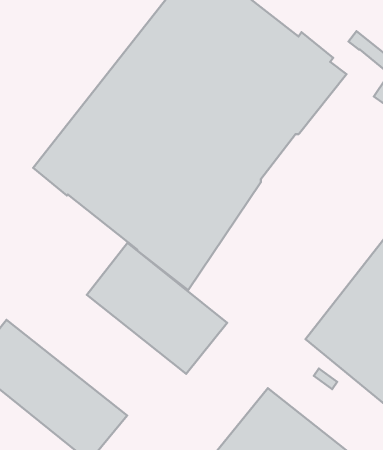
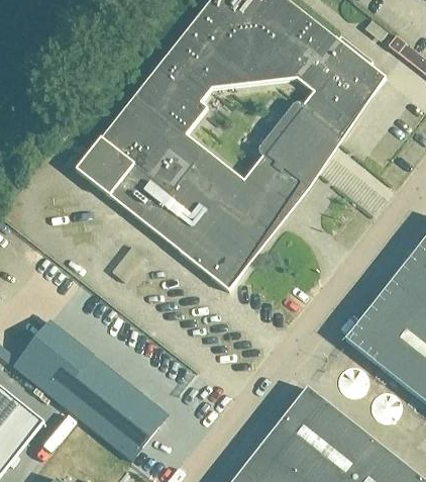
building: [87,243,227,374] -> none

